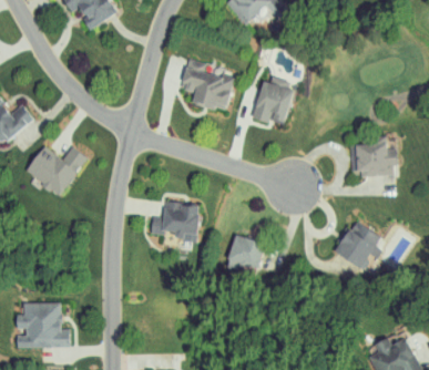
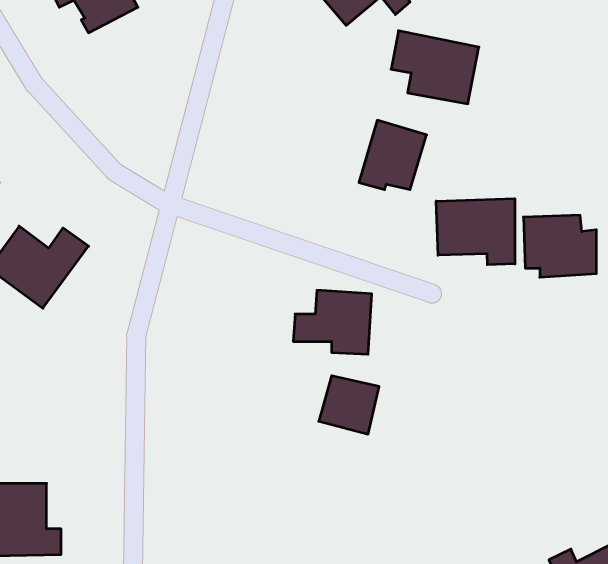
building: [182,66,235,111] -> [391,31,479,104]
building: none -> [436,199,515,265]
building: [152,203,200,241] -> [293,290,372,354]
building: [336,220,381,269] -> none

